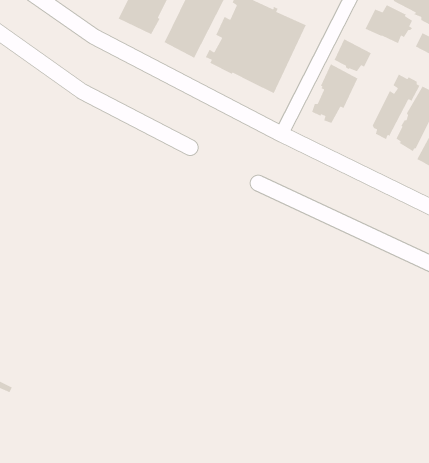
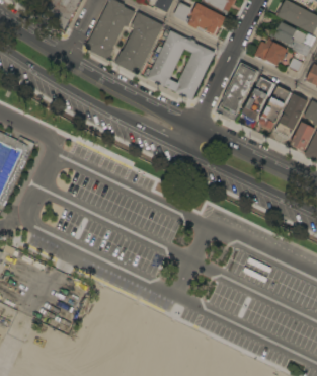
building: none -> [242,76,275,121]

